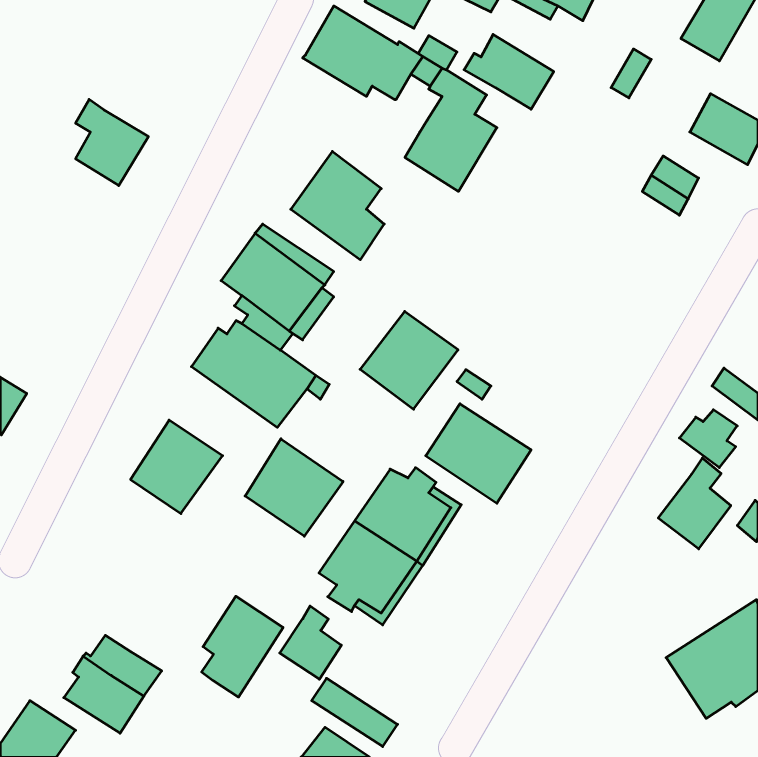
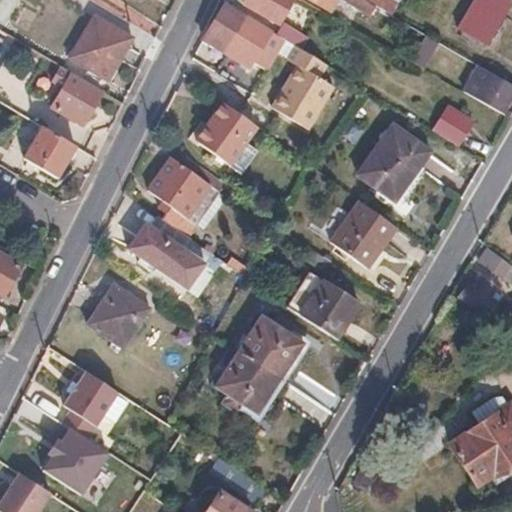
building: none -> [70,16,131,78]
building: [464,34,554,109] -> none
building: none -> [359,125,429,198]
building: none -> [23,127,73,176]
building: [360,311,458,409] -> [331,200,397,266]
building: [245,439,343,536] -> none
building: [658,458,731,549] -> none
building: [202,596,283,697] -> [63,371,118,439]
building: [280,606,341,679] -> none

